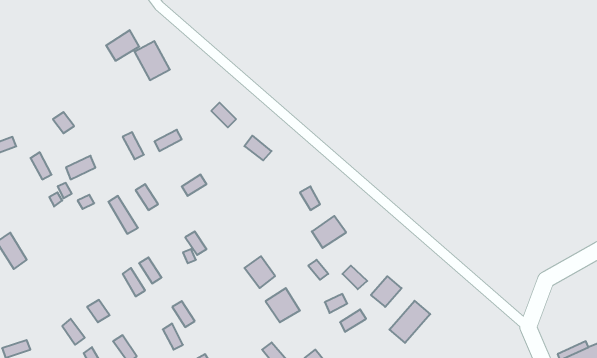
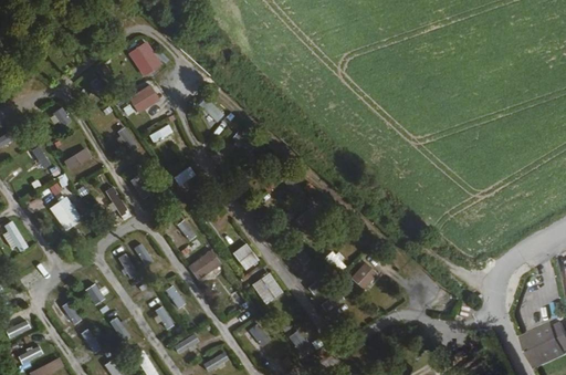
building: [106,30,139,61] -> [129,84,160,113]
building: none -> [50,196,84,231]
building: none -> [188,249,222,281]
building: [389,301,430,343] -> none

